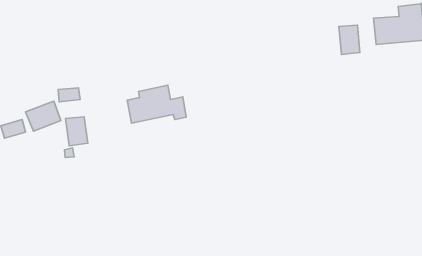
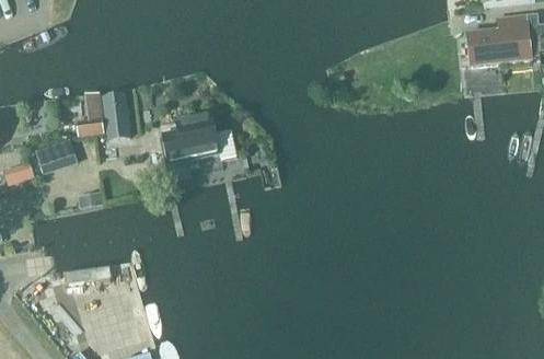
building: [339,25,360,54] -> none
building: [66,117,88,146] -> [102,103,129,139]

